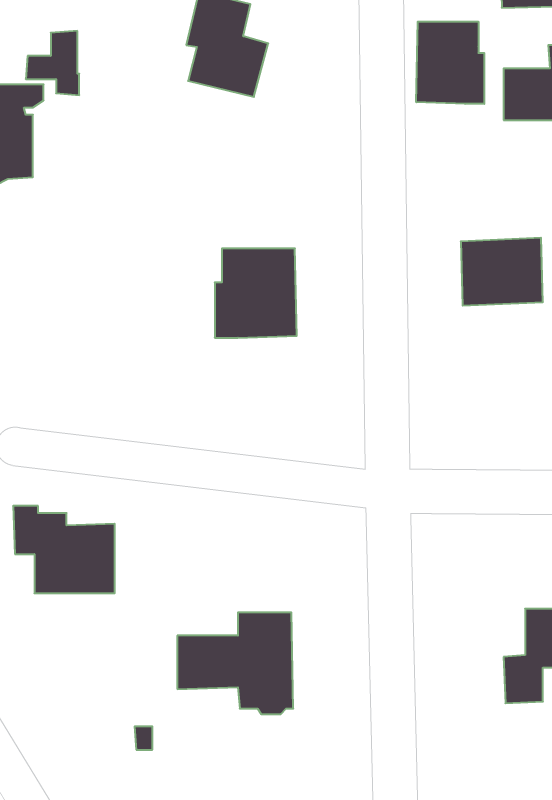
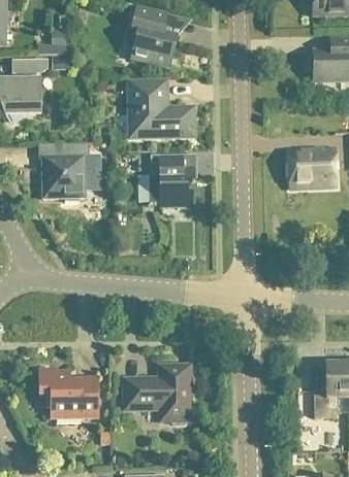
building: [416,22,484,104] -> none
building: none -> [129,81,192,136]
building: none -> [41,142,98,198]
building: [13,506,115,593] -> [38,367,97,417]

